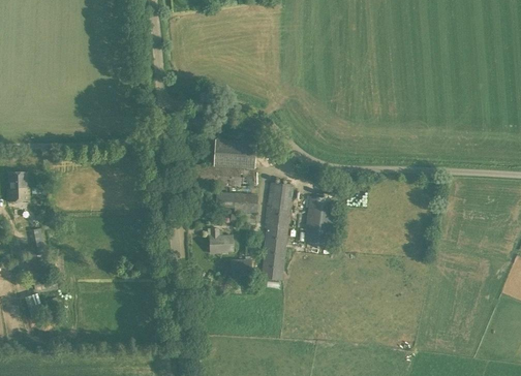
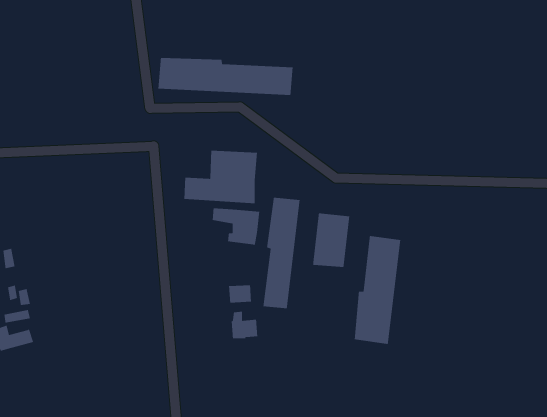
building: none -> [157,57,293,96]
building: none -> [354,235,401,345]
building: [209,226,233,251] -> [231,311,258,339]

